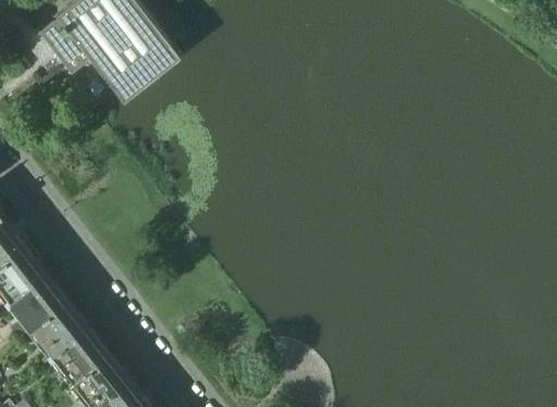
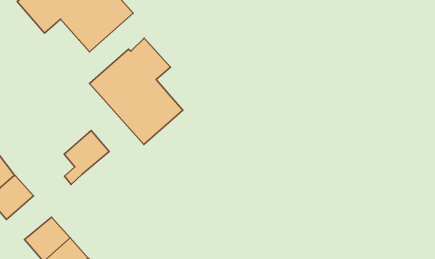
building: none -> [89,38,183,145]
building: [10,275,66,341] -> [64,131,109,185]

